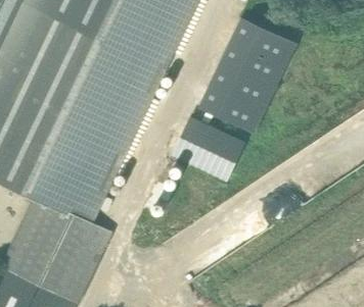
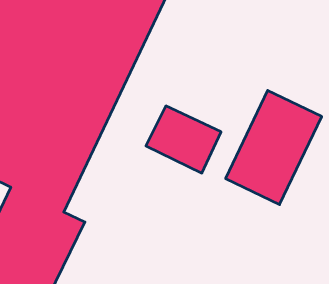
building: [197,18,295,135] -> [226,90,322,205]

